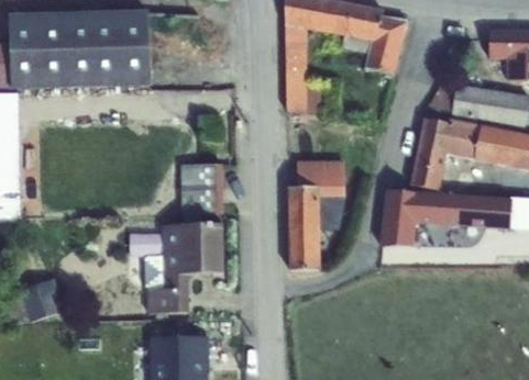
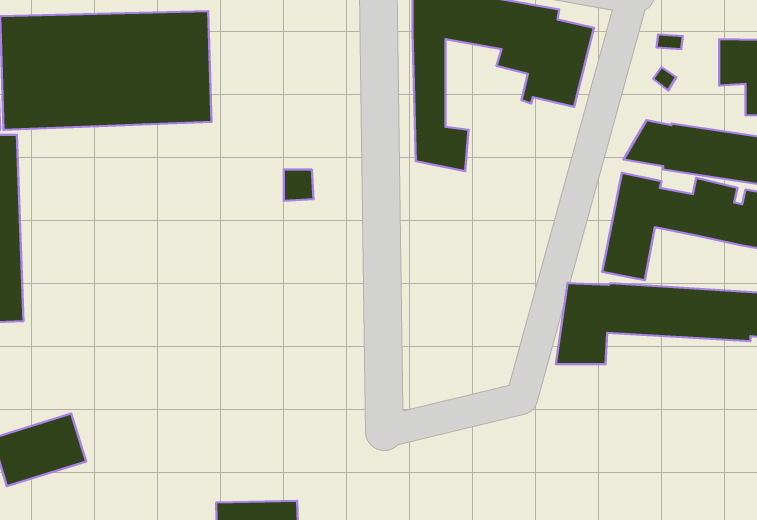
building: [181,163,223,211] -> none
building: [288,172,339,268] -> none
building: [146,223,224,312] -> none

